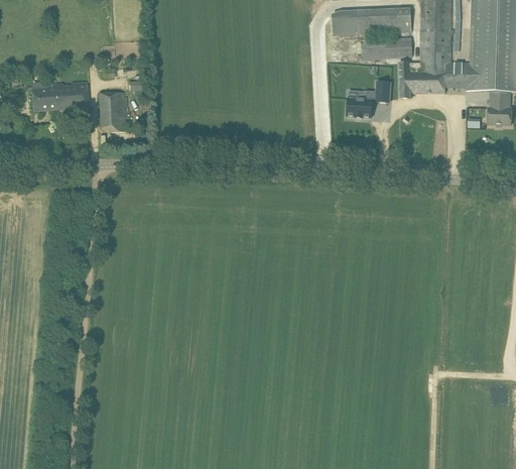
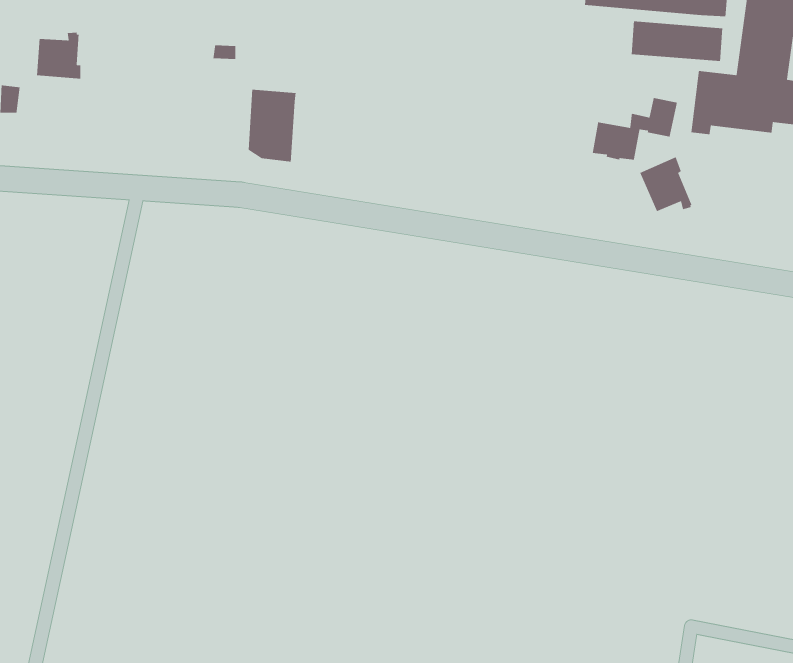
building: [54,81,88,108] -> none
building: [99,91,126,130] -> [248,89,296,163]
building: none -> [639,156,693,212]

